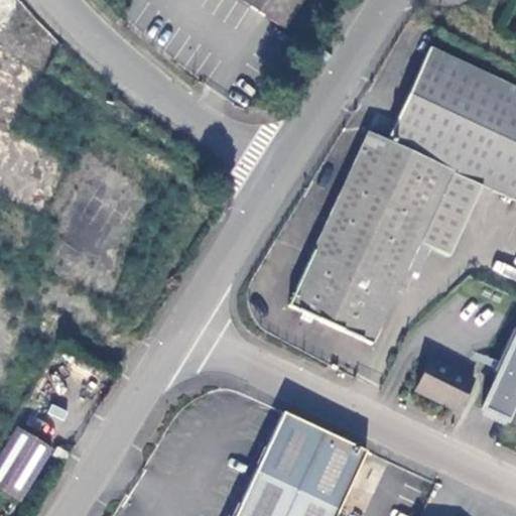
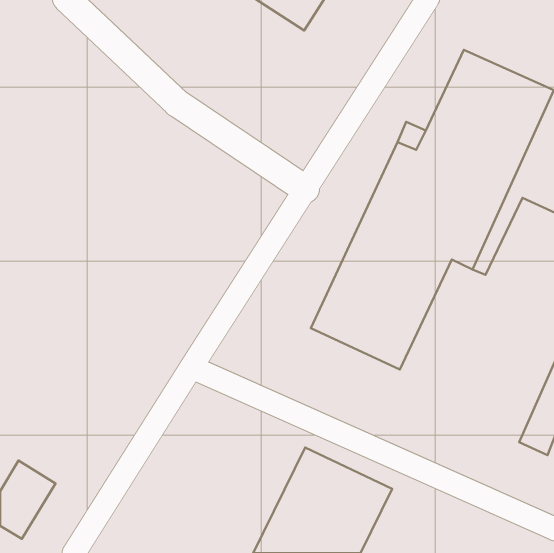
building: [418,360,481,412] -> none

